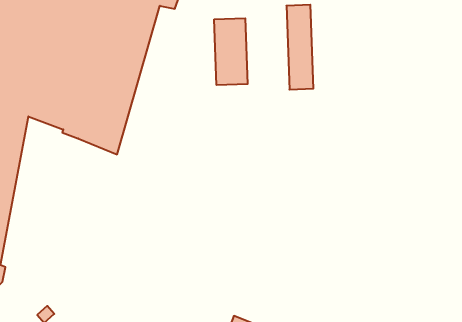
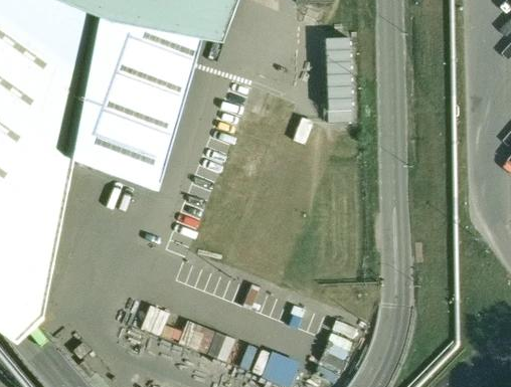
building: [214,18,248,85] -> none

